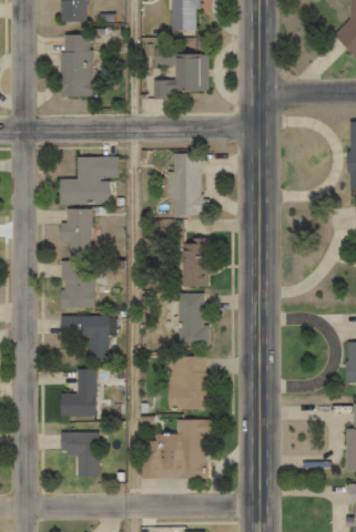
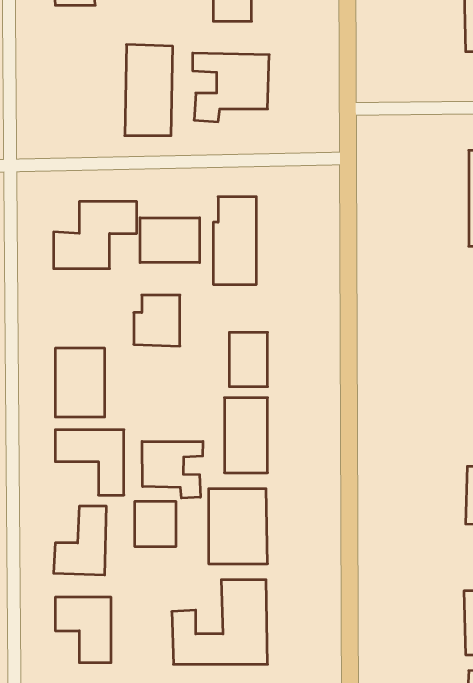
building: [60,35,93,99] -> [125,45,173,136]
building: none -> [140,218,200,263]
building: [61,209,93,245] -> [134,295,180,346]
building: none -> [142,441,203,498]
building: none -> [135,501,176,547]

